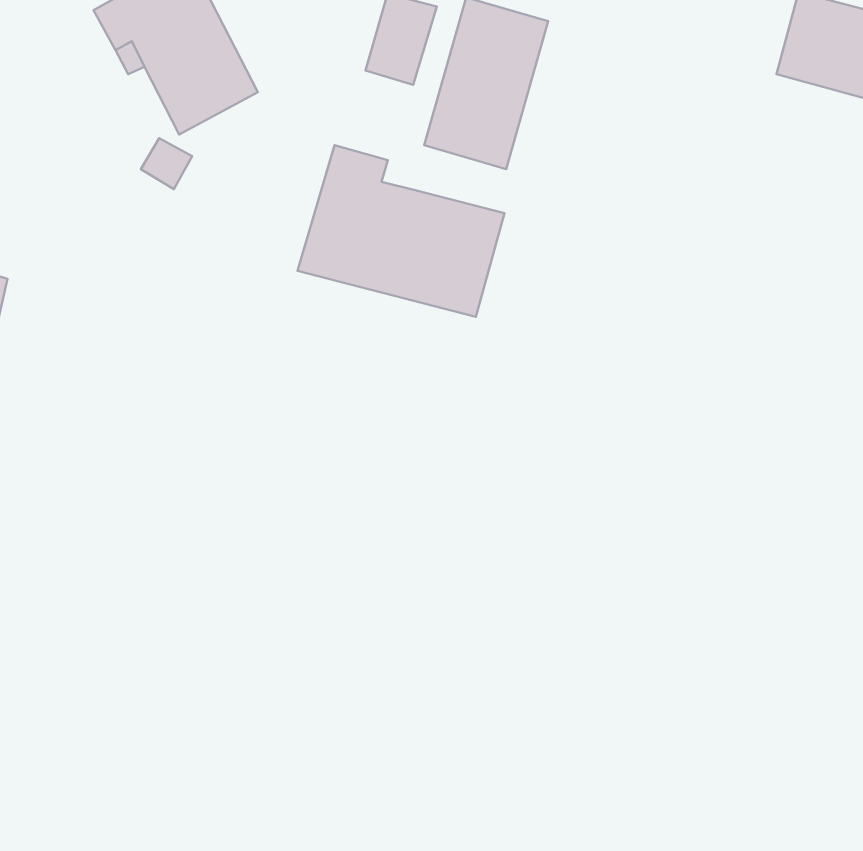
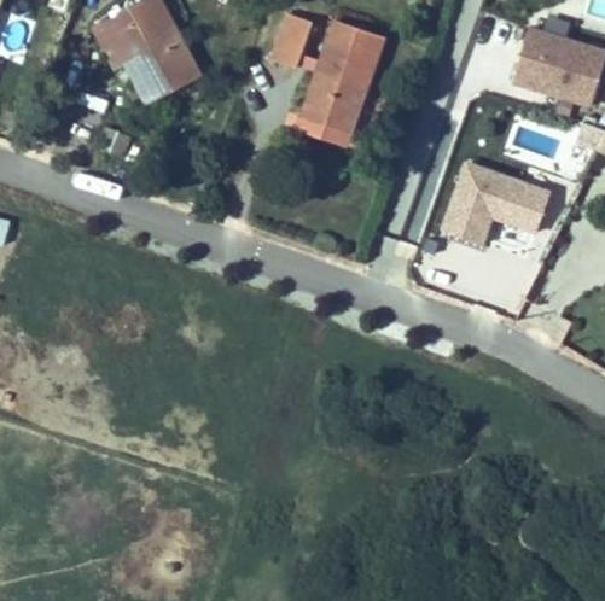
building: [298,145,504,317] -> none
building: none -> [448,157,559,238]

